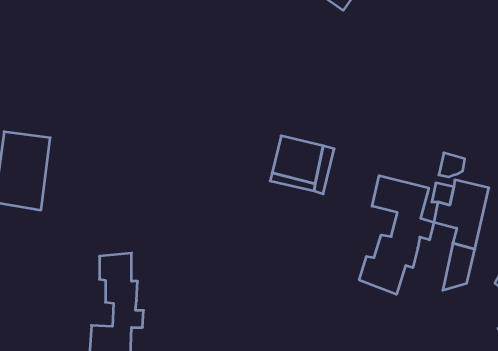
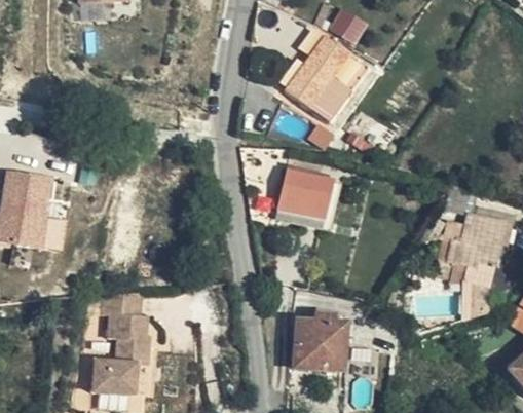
building: none -> [286,36,364,118]
building: [359,176,434,294] -> none
building: none -> [296,312,341,367]

